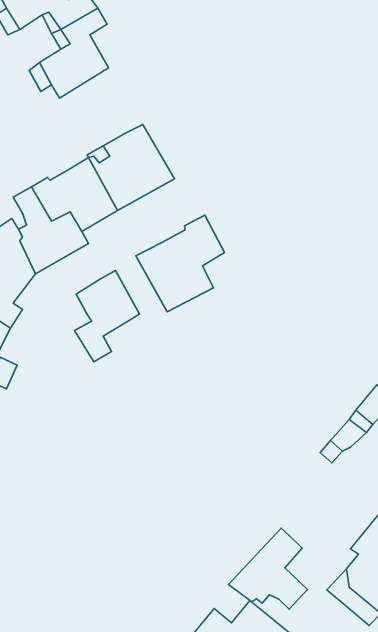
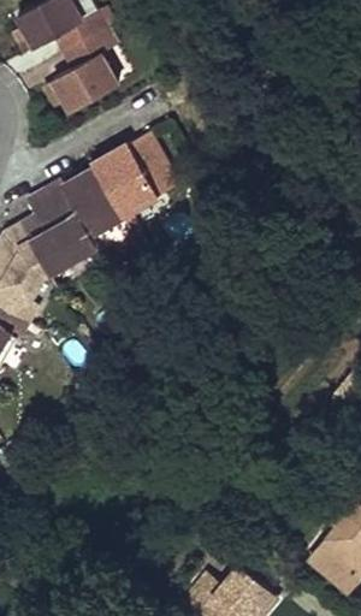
building: [136,215,225,312] -> none
building: [75,270,139,362] -> none
building: [228,528,308,609] -> none

